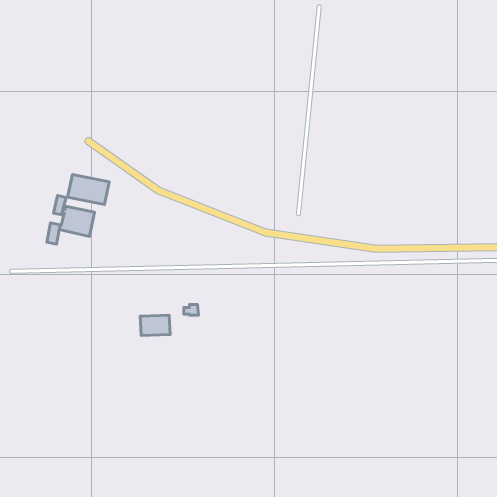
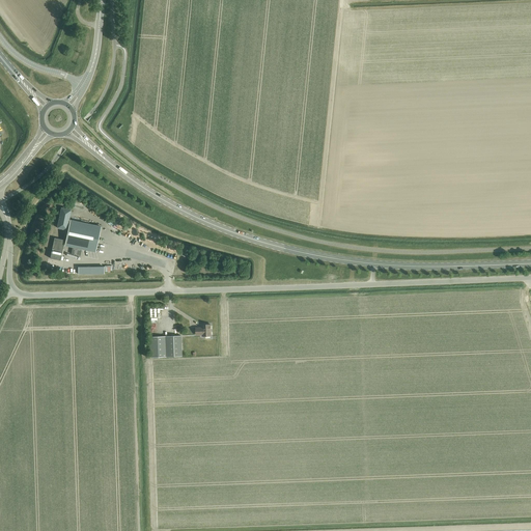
building: [68,175,109,204] -> none

